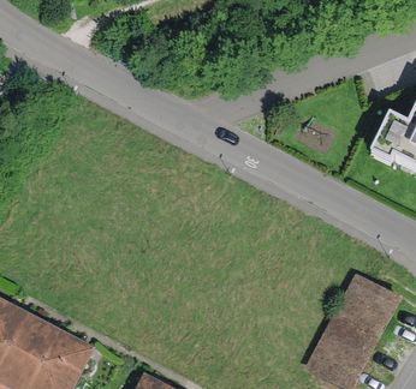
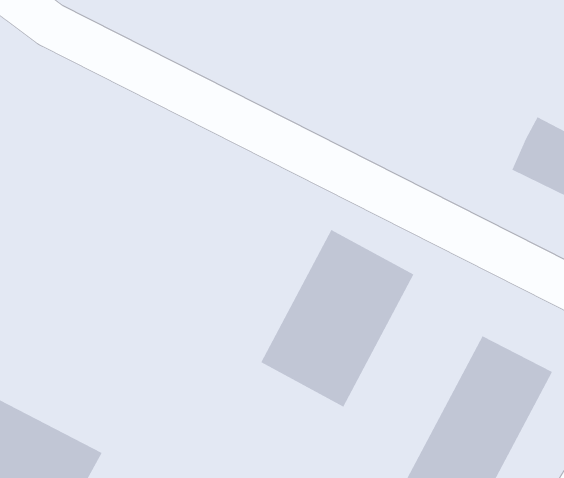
building: none -> [261,229,414,408]

